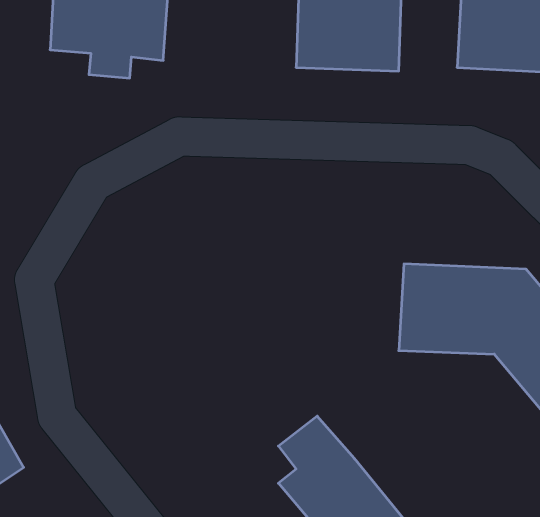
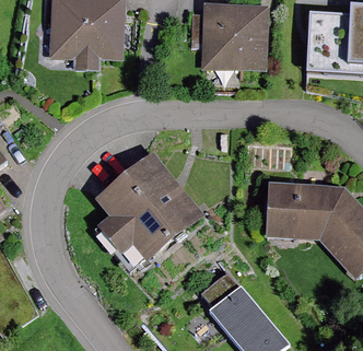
building: none -> [86,154,190,266]

